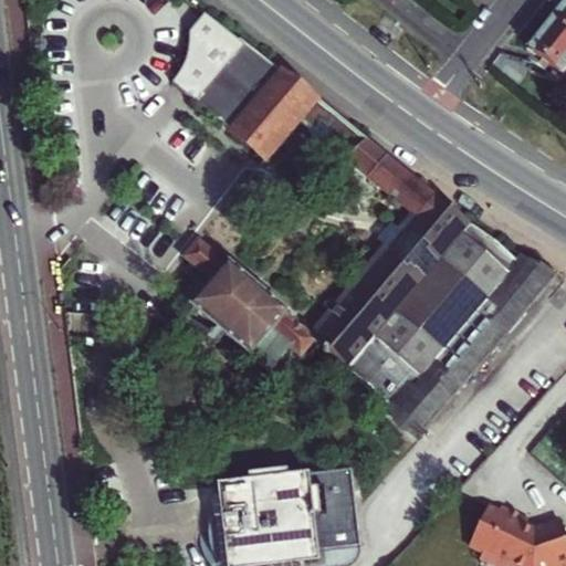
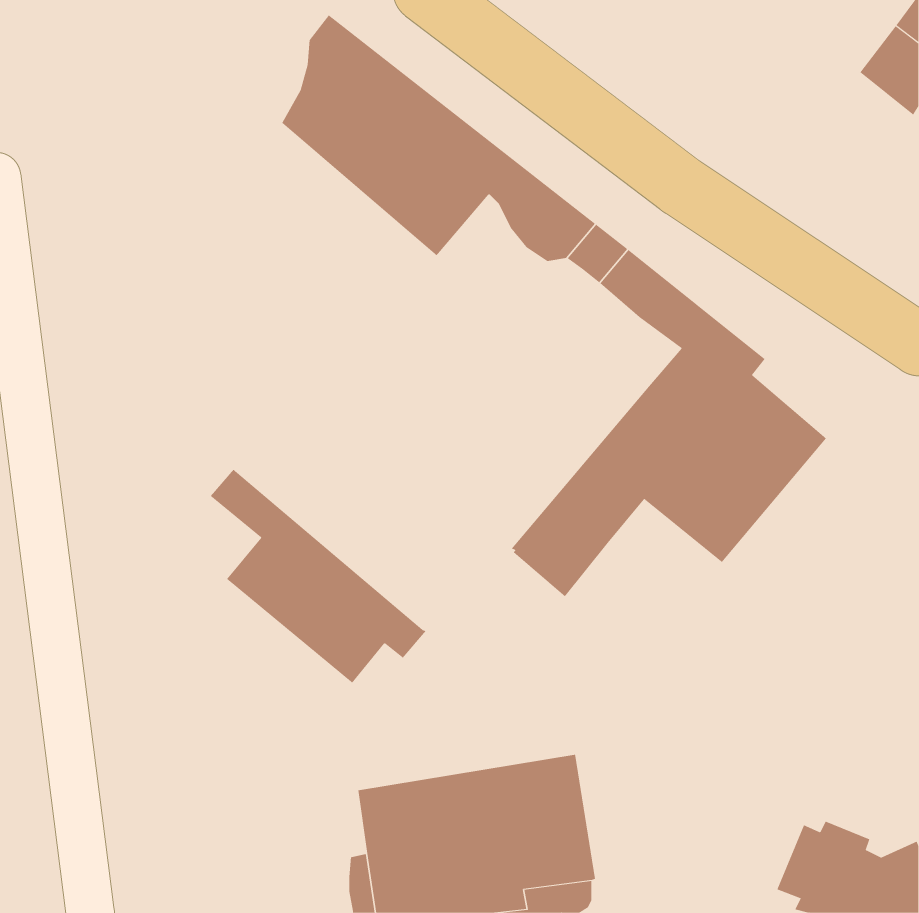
building: [346,220,558,432] -> none
building: [182,238,315,369] -> [210,469,427,684]

